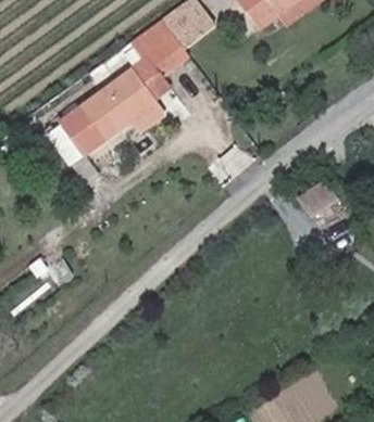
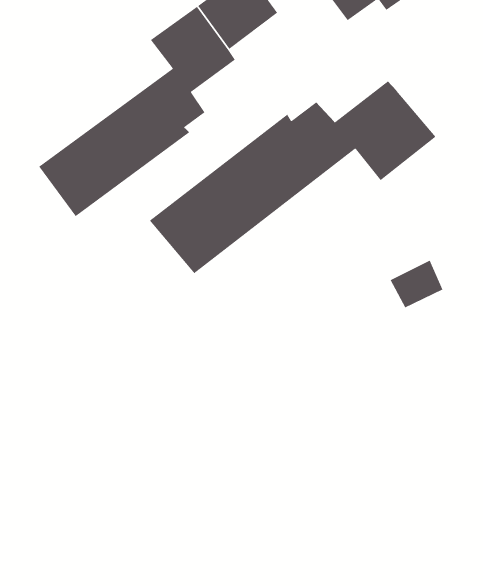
building: none -> [149,80,436,274]

